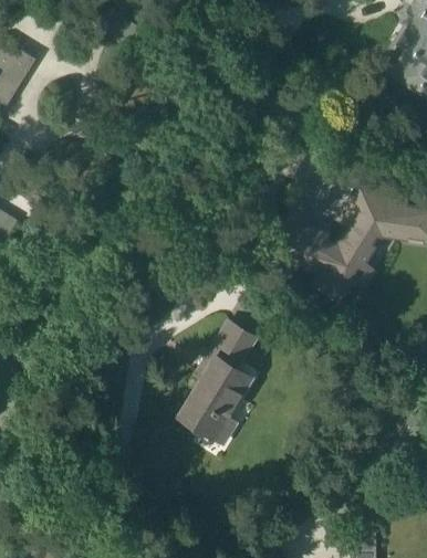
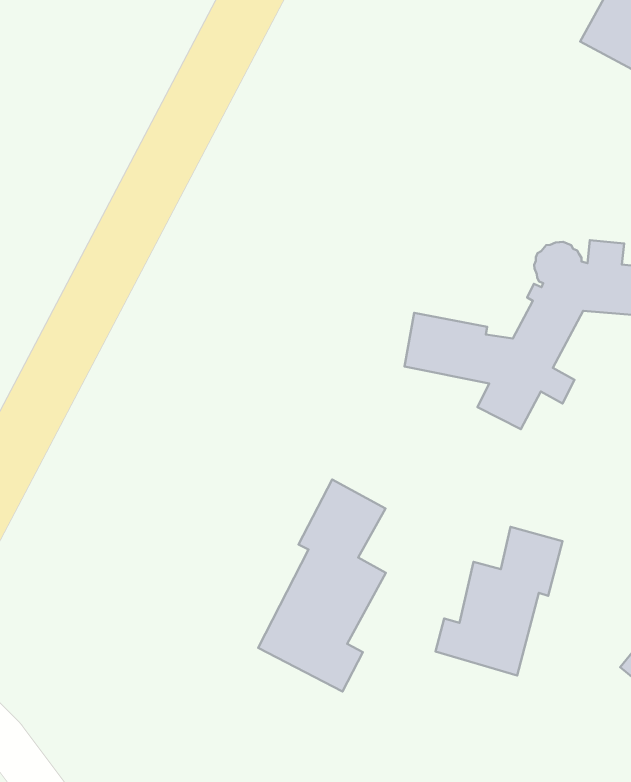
building: none -> [435,527,562,676]

